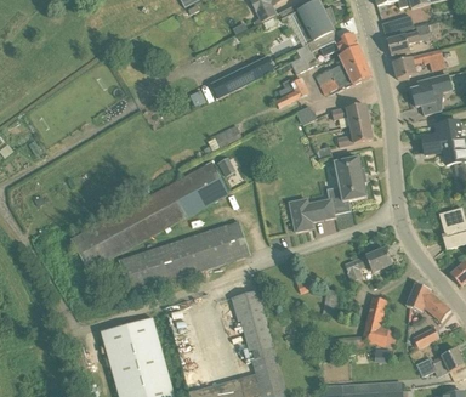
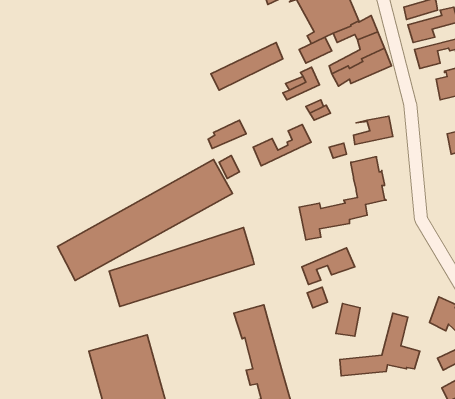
building: [331,103,369,126] -> none
building: none -> [253,124,311,166]
building: [345,246,392,279] -> [302,248,355,284]

